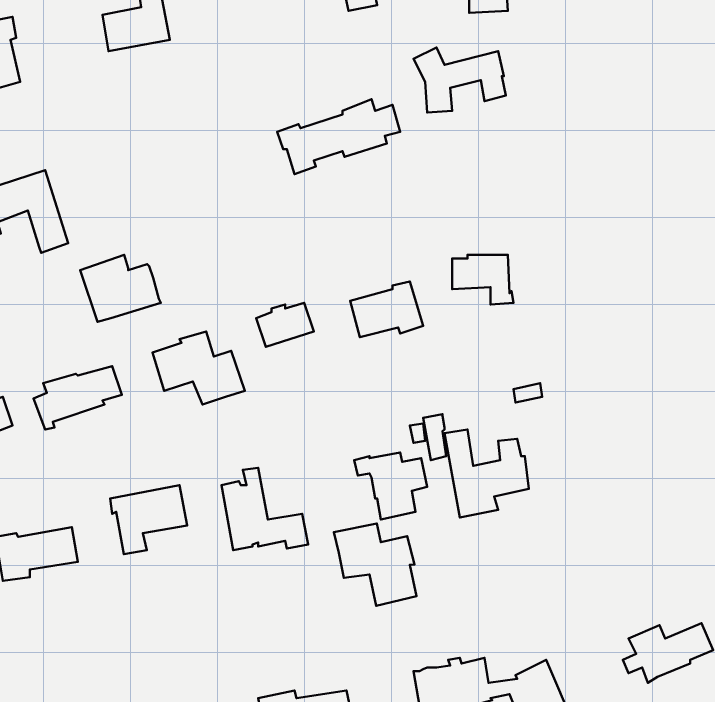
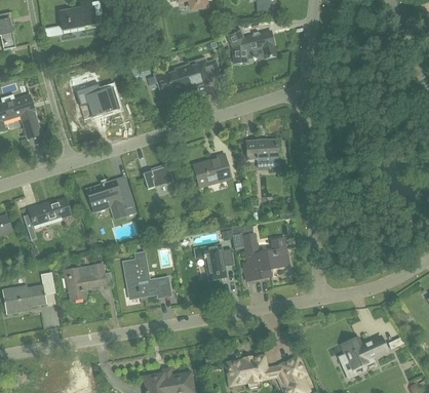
building: [80,255,161,322] -> [75,82,118,118]
building: [334,523,417,606] -> none

